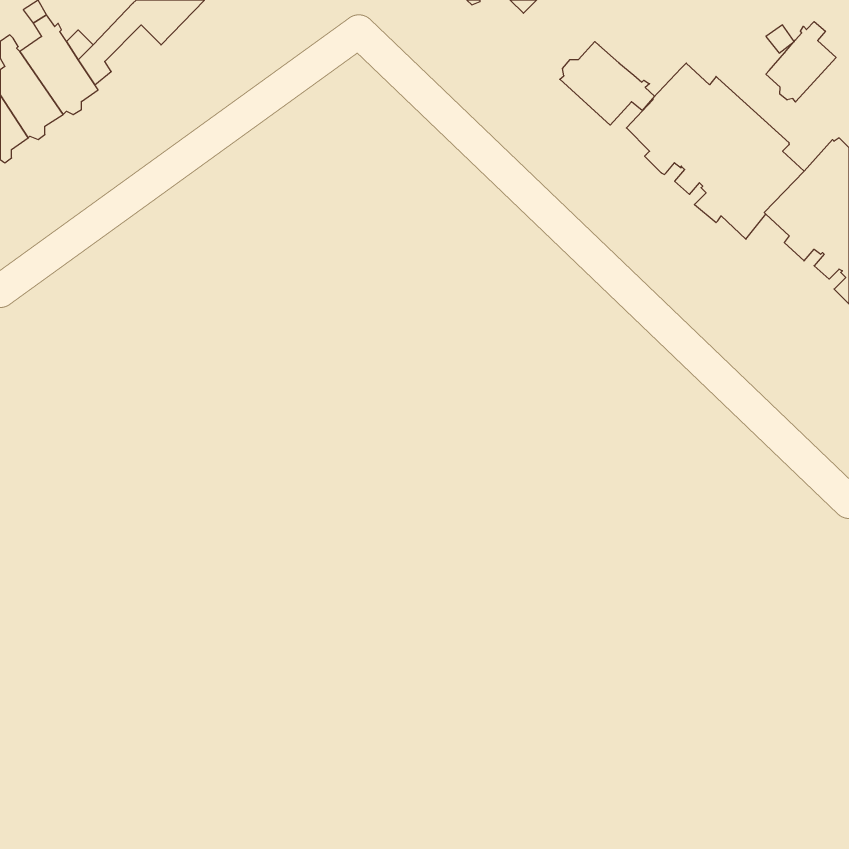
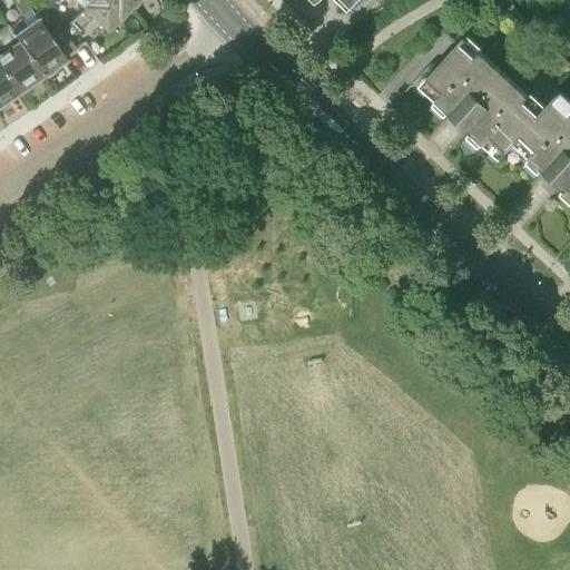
building: [766,22,836,102] -> none
building: [560,42,655,125] -> none

